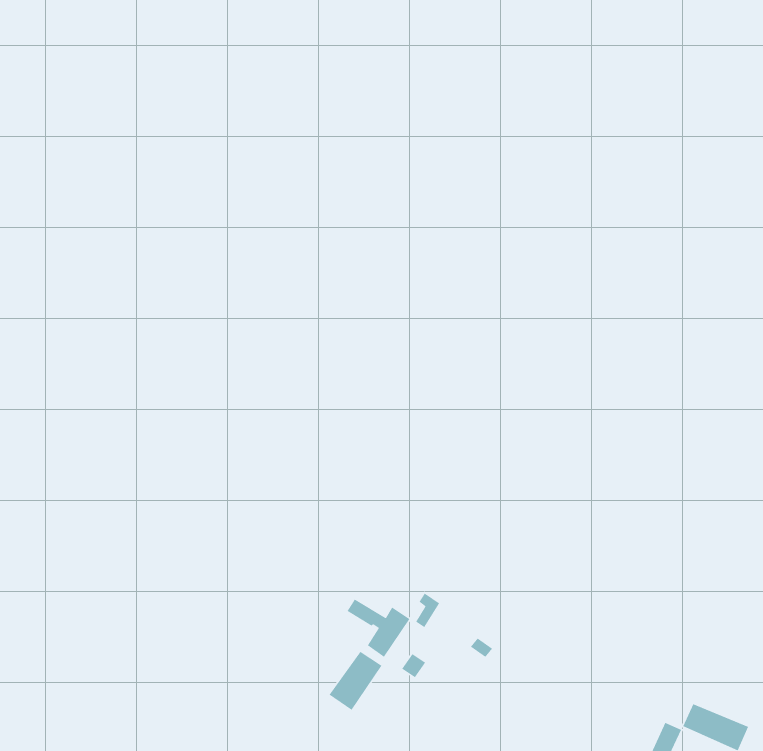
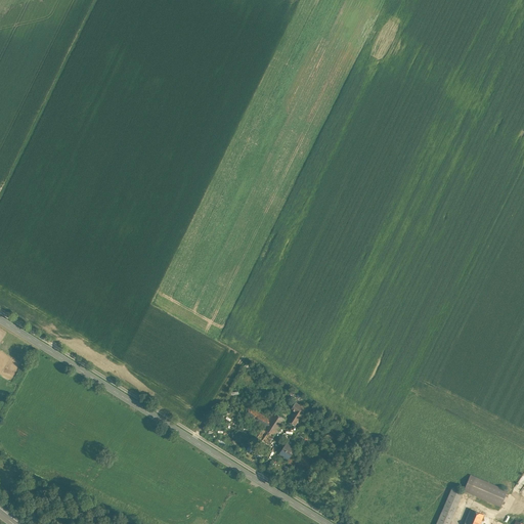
building: [328,651,382,711] -> none

